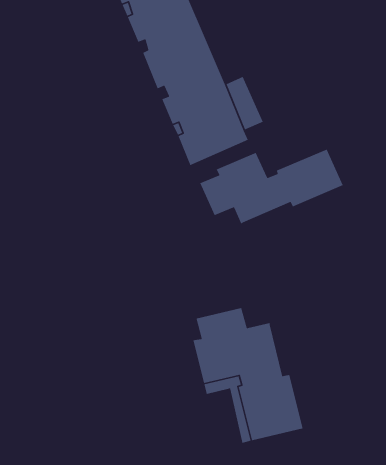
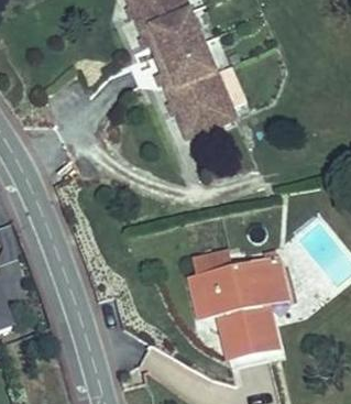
building: [199,148,344,225] -> none
building: none -> [252,250,287,305]

